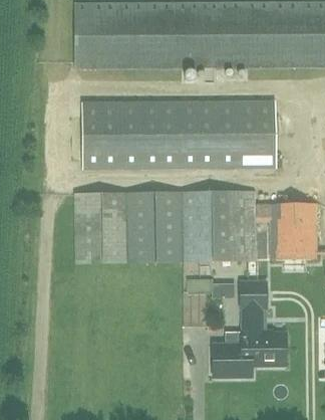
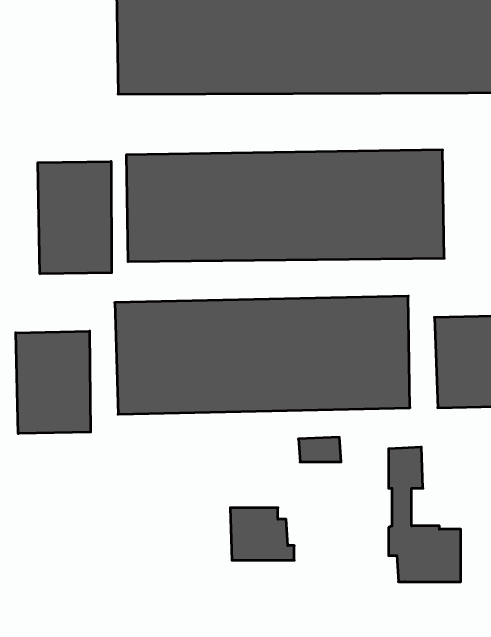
building: none -> [38,161,112,274]
building: none -> [16,331,91,434]
building: [213,342,252,374] -> [230,508,294,560]

